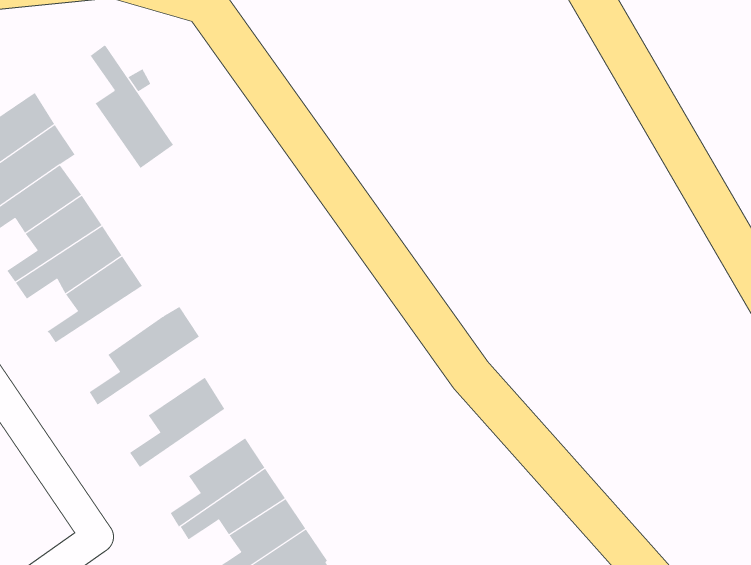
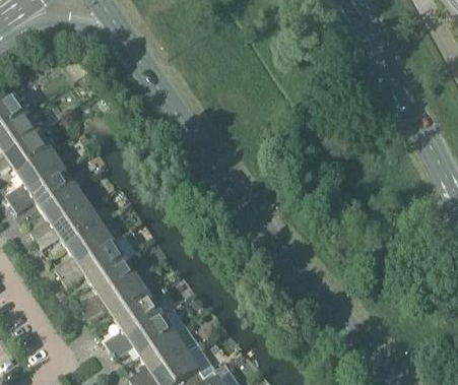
building: [90,45,174,169] -> none
building: none -> [37,203,102,248]
building: none -> [62,240,127,284]
building: none -> [87,277,151,321]

